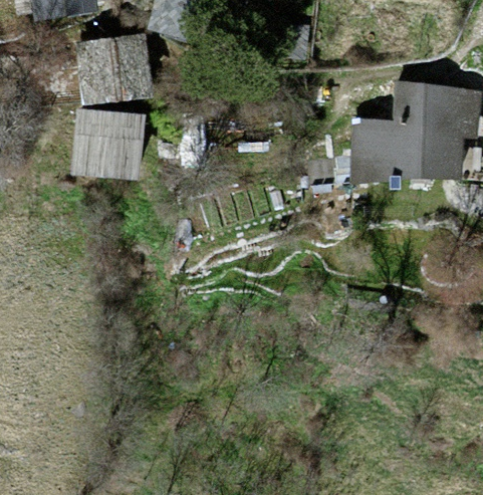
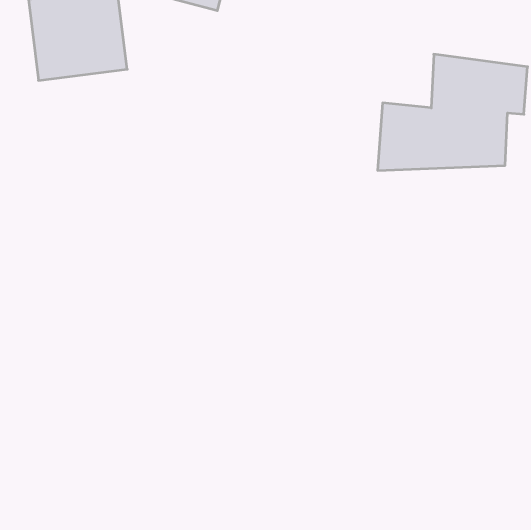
building: [75,114,139,173] -> none

